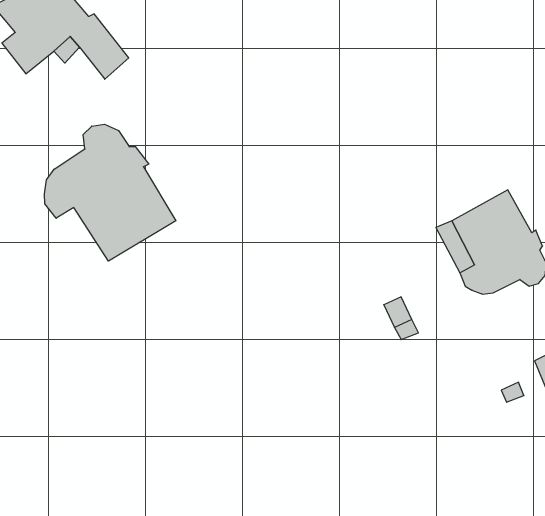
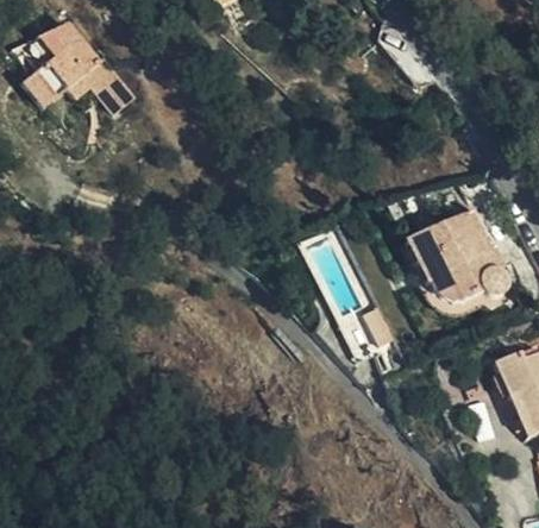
building: [44,124,176,261] -> none

